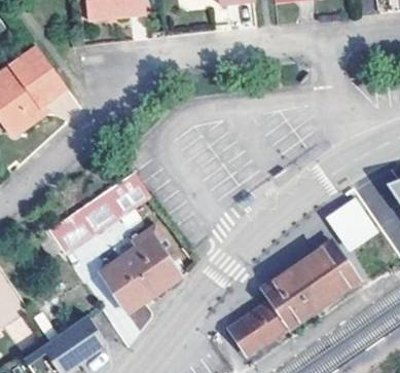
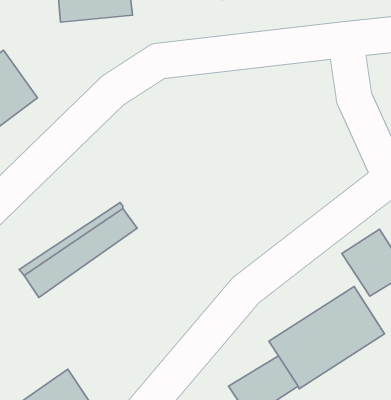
building: [103,234,183,312] -> none

